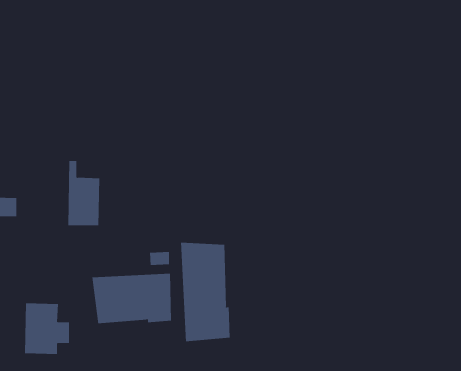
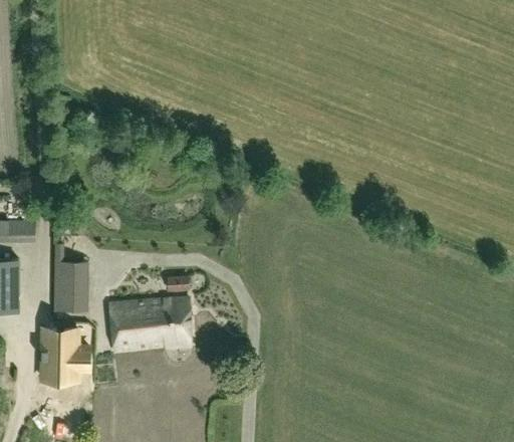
building: [67,160,100,226] -> [54,244,87,310]
building: [180,242,230,342] -> none

